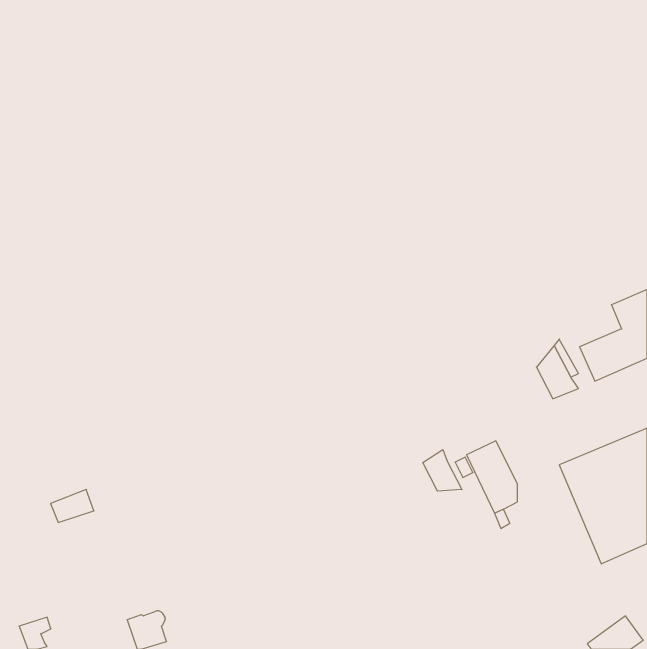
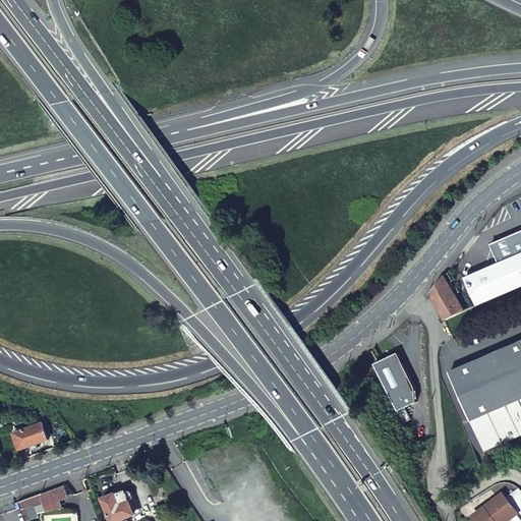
building: [423,450,462,491] -> none
building: [51,489,94,522] -> [12,421,47,448]
building: none -> [33,485,65,515]

